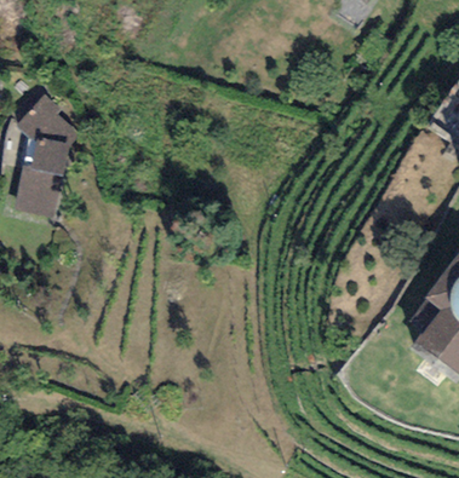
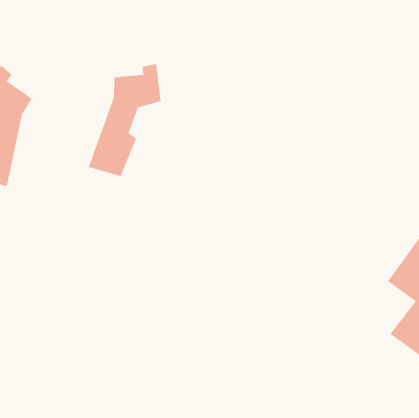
building: none -> [88,63,161,177]

